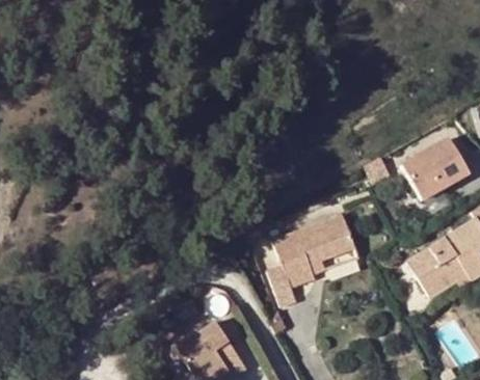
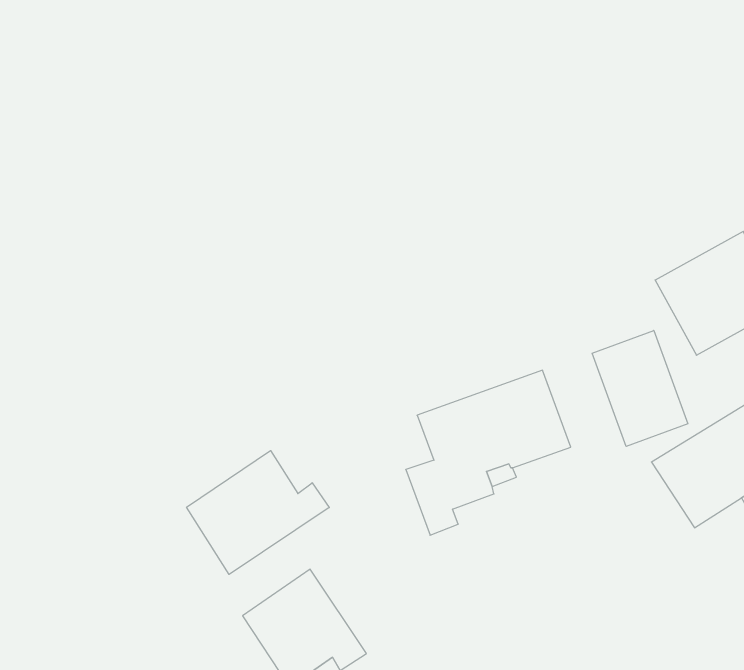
building: none -> [592,330,688,446]
building: none -> [187,451,329,574]

